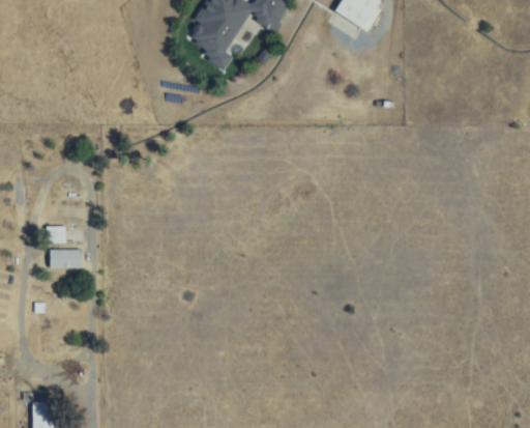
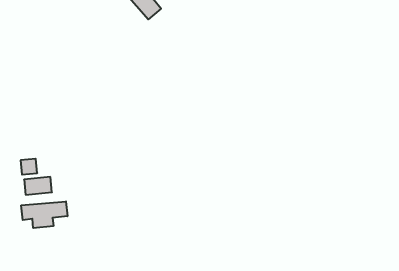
building: none -> [21,201,67,228]

